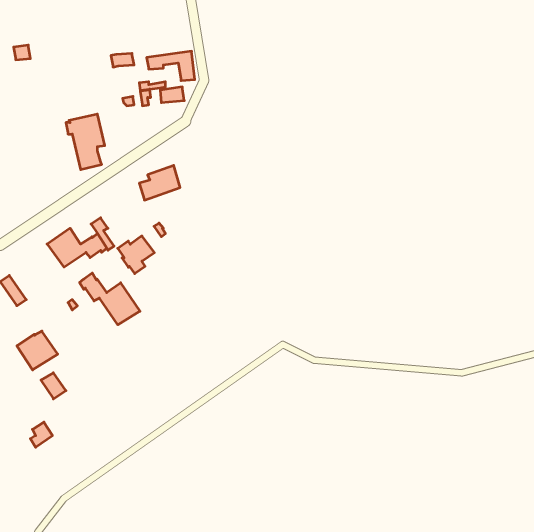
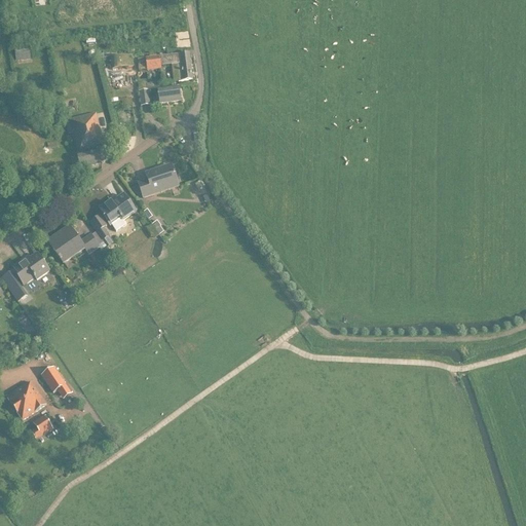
building: [118,236,154,274] -> [100,193,136,230]
building: none -> [13,253,49,283]
building: [80,273,140,325] -> none
building: [17,331,58,370] -> [6,380,46,418]

